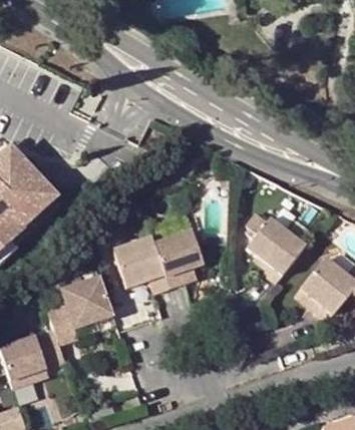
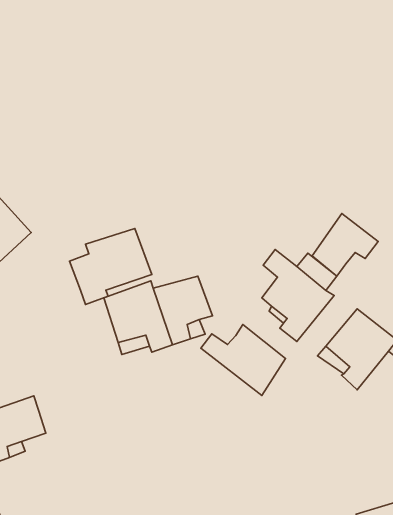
building: none -> [312,213,378,276]
building: none -> [201,325,285,395]
building: [47,279,115,342] -> [70,228,152,305]

